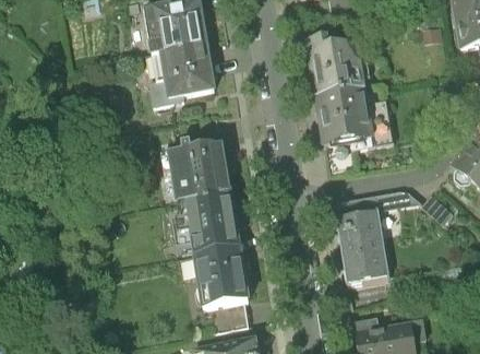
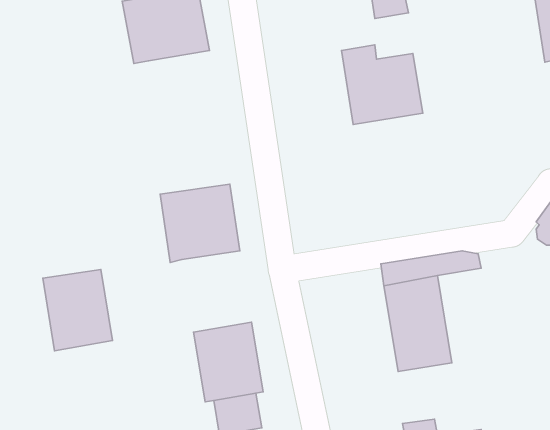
building: [148,40,215,104] -> none
building: [315,87,375,144] -> none
building: [187,191,239,252] -> [43,270,112,351]

